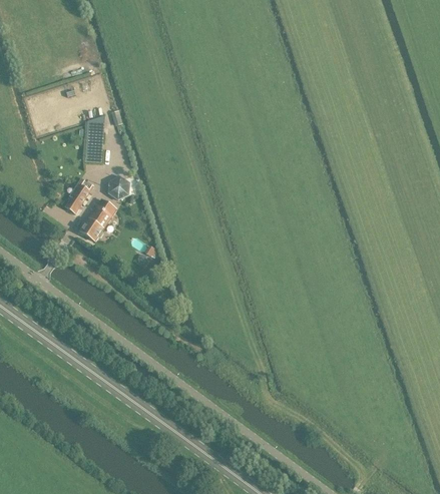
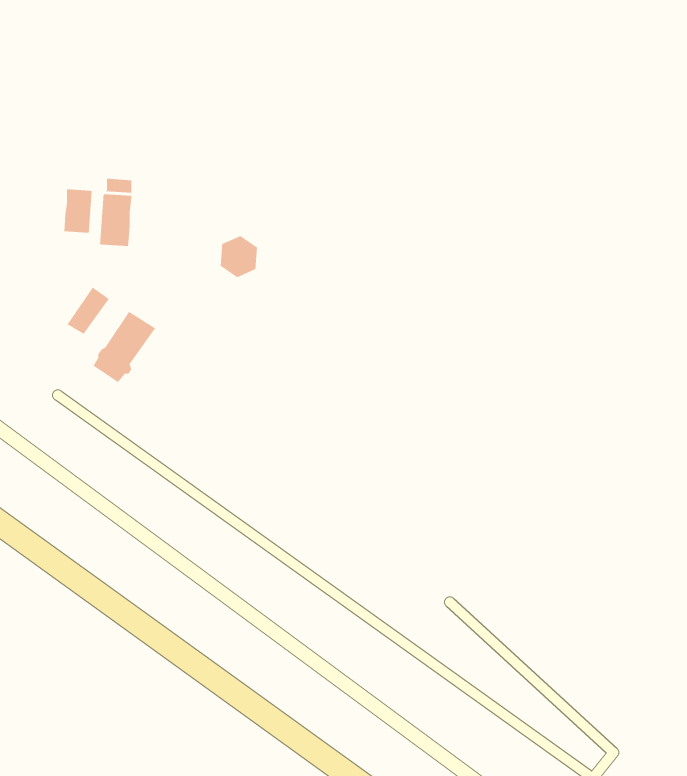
building: none -> [64,188,92,234]
building: [108,175,130,200] -> [220,235,258,278]

